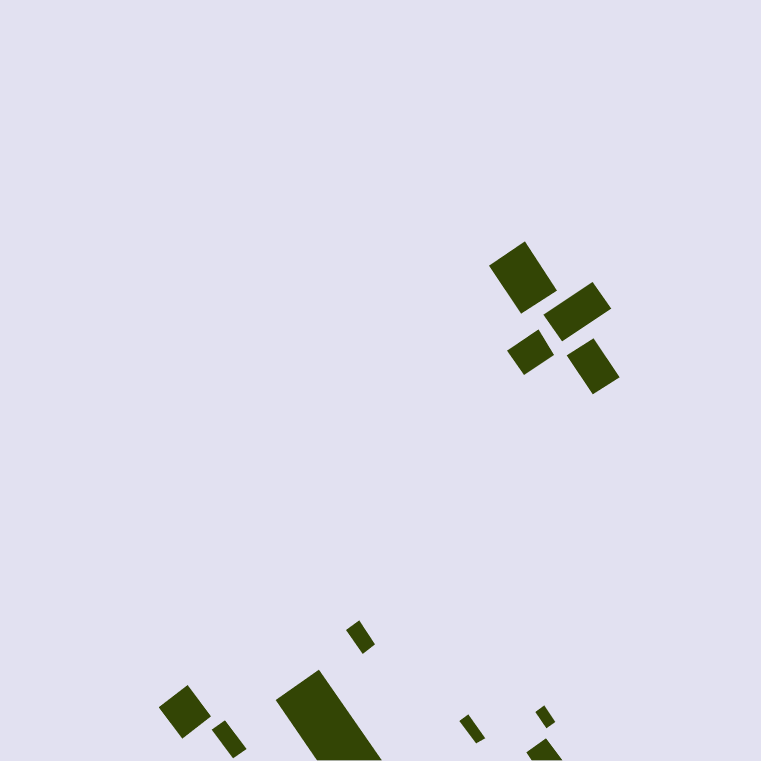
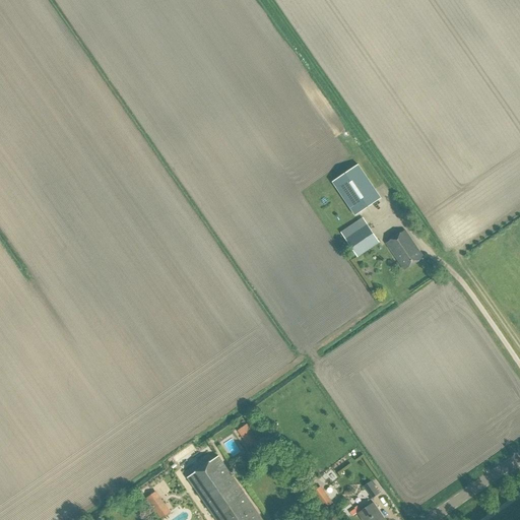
building: [542,281,612,342] -> none
building: [158,684,212,740] -> none

